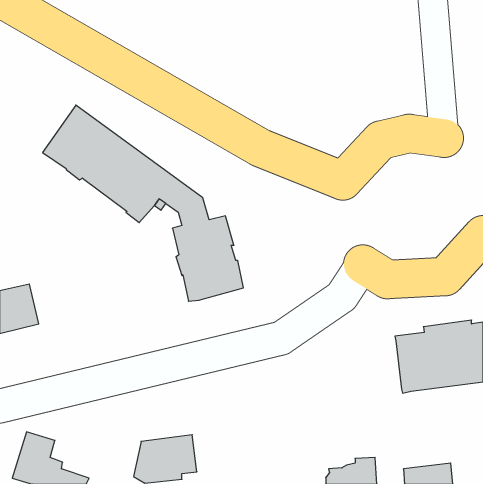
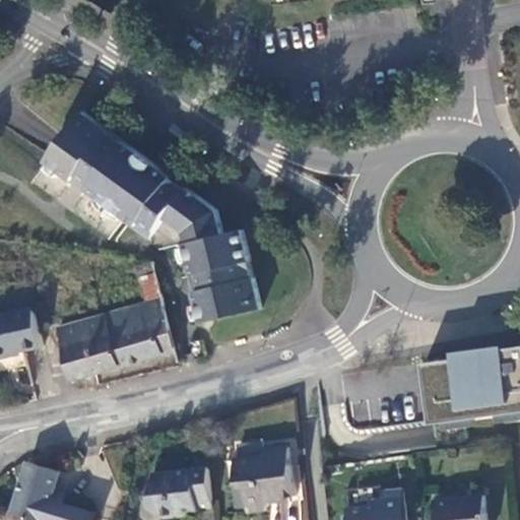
building: none -> [52,262,175,385]
building: none -> [234,447,292,512]

